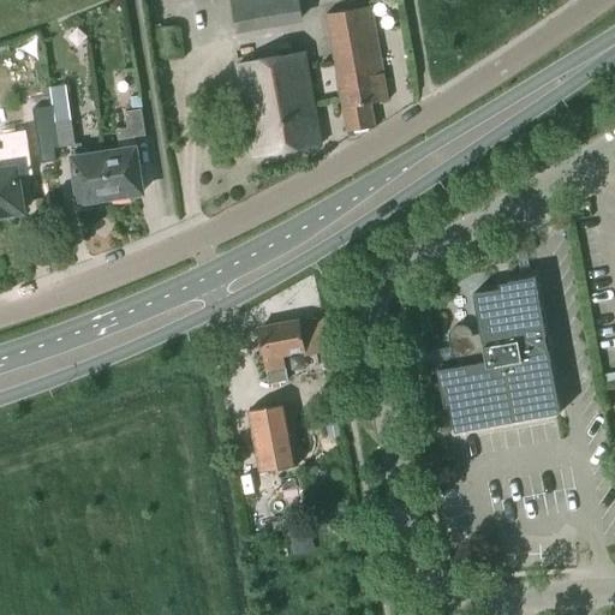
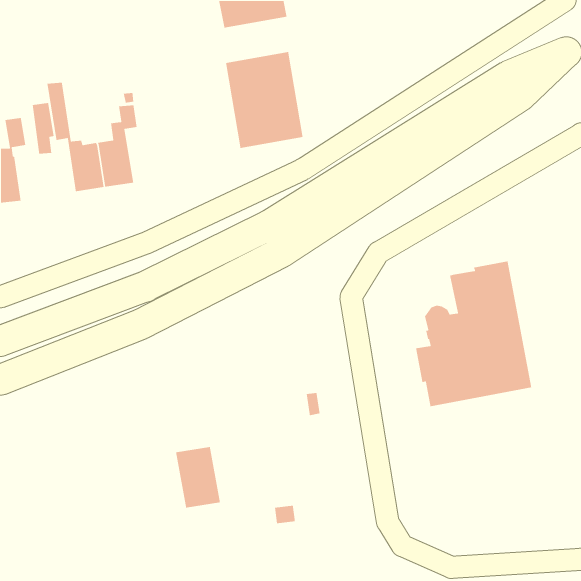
building: [327,7,387,133] -> none
building: [259,321,329,384] -> none
building: [249,406,297,472] -> [175,446,221,509]

